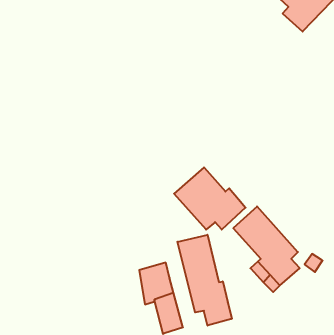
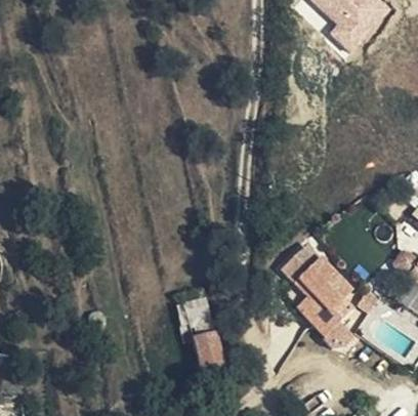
building: [174,167,246,230] -> none
building: [177,235,232,326] -> none

